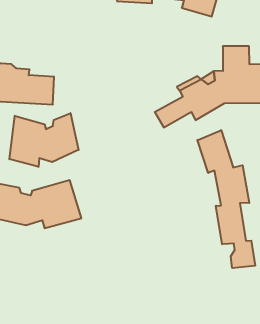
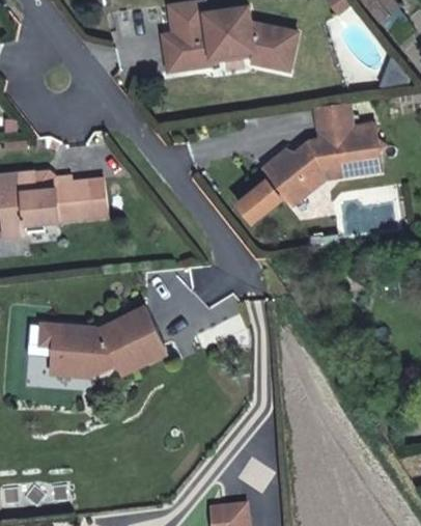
building: [9,113,79,167] -> none
building: [197,130,255,268] -> none

